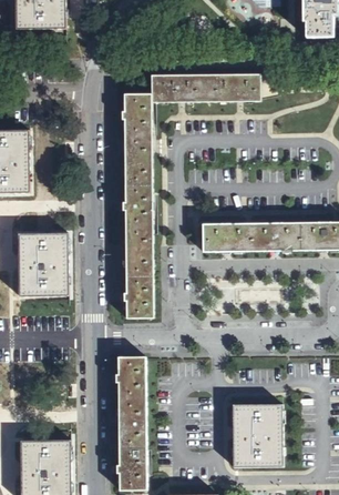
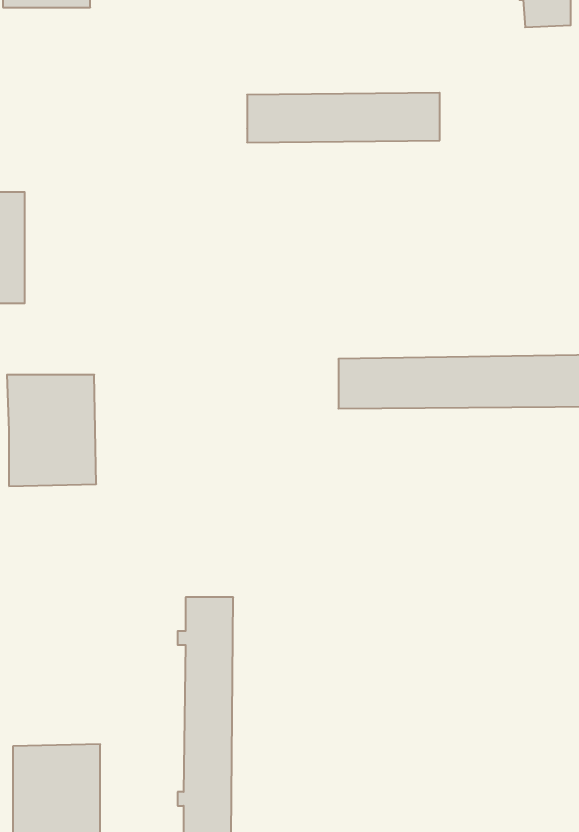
building: [122,95,154,319] -> none
building: [234,405,282,467] -> none

